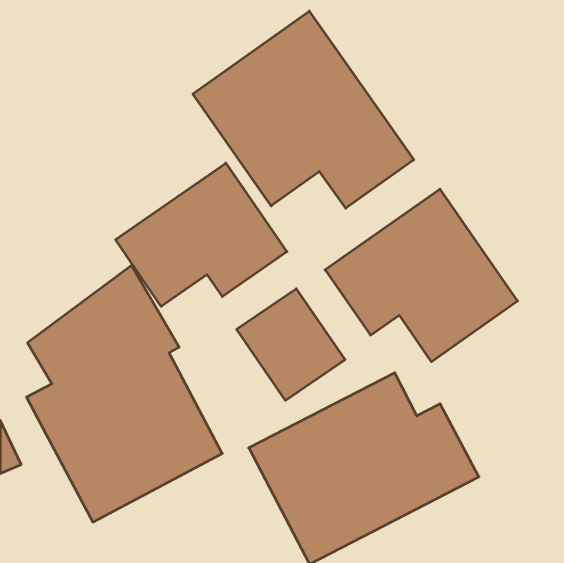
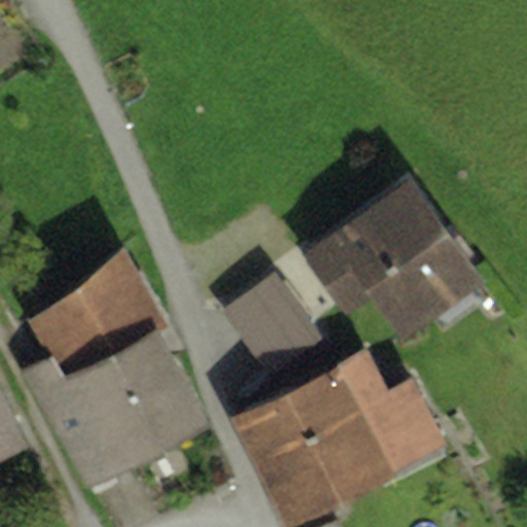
building: [193,11,414,208] -> none
building: [116,163,287,306] -> none

